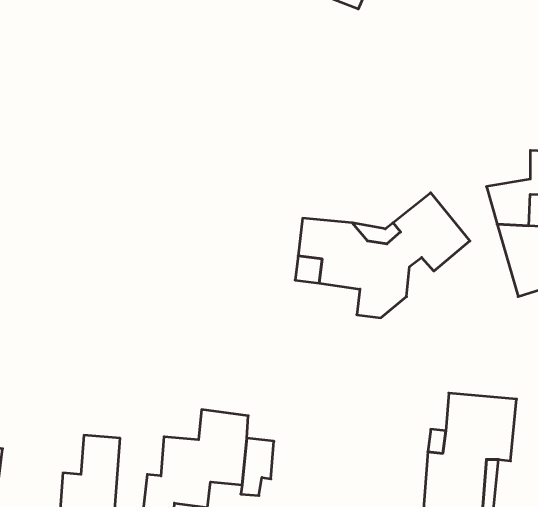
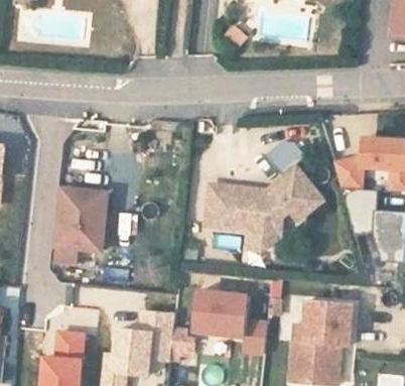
building: none -> [60,198,113,266]
building: none -> [190,293,264,353]

